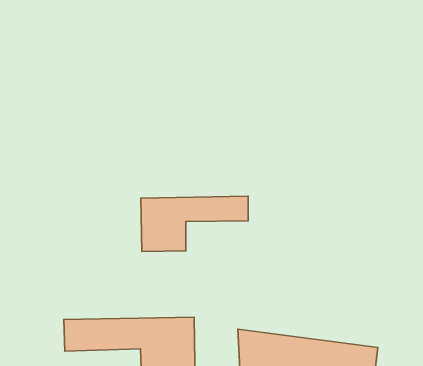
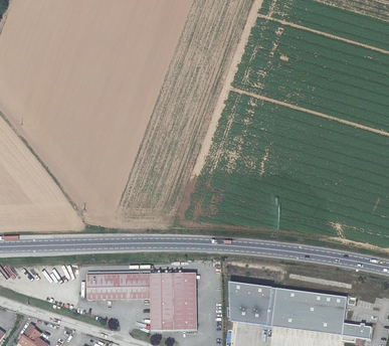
building: [141,196,248,251] -> none

